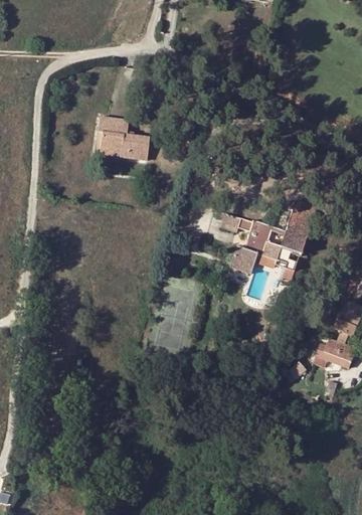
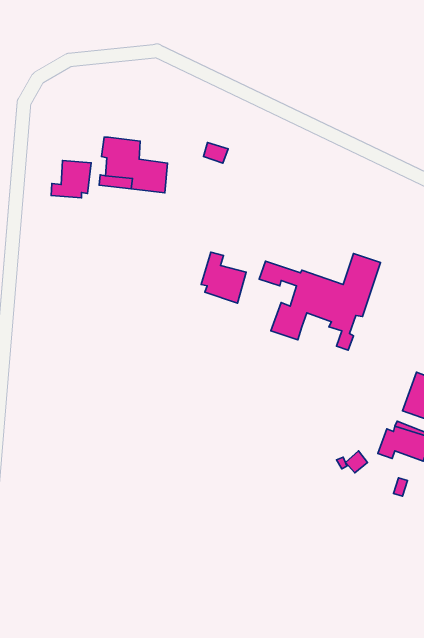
building: none -> [51,161,91,198]
building: none -> [201,252,246,303]

